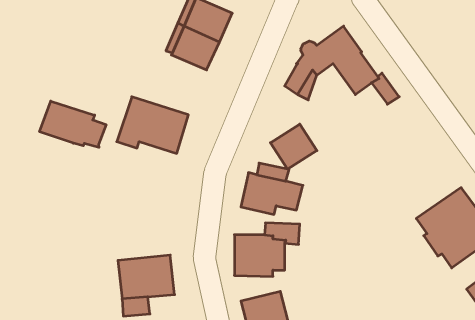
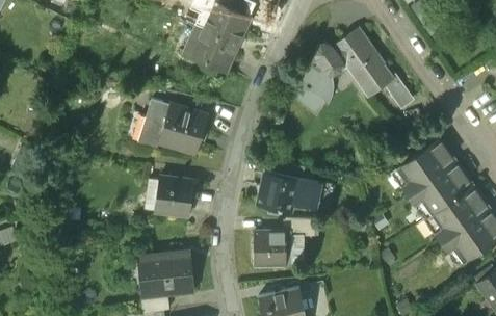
building: [40,101,106,147] -> none
building: [270,124,317,169] -> none
building: none -> [395,141,472,216]
building: none -> [155,176,193,215]

